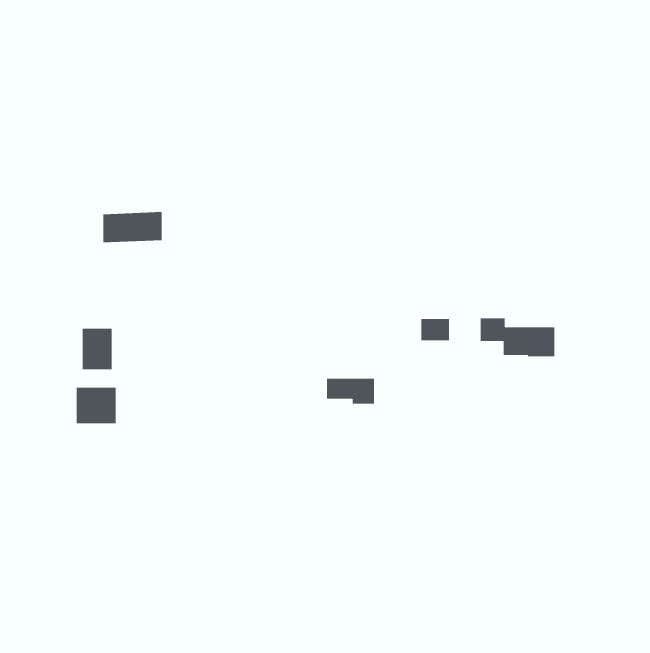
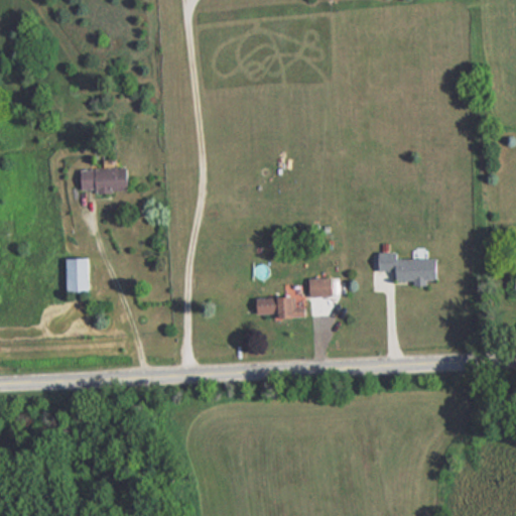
building: [420,318,450,341] -> [309,279,333,297]
building: [76,387,116,424] -> none

